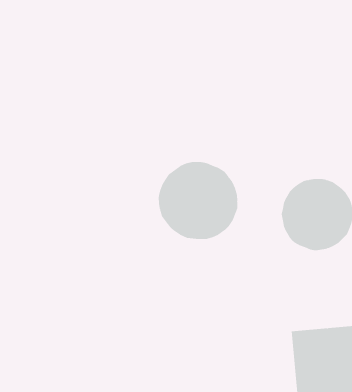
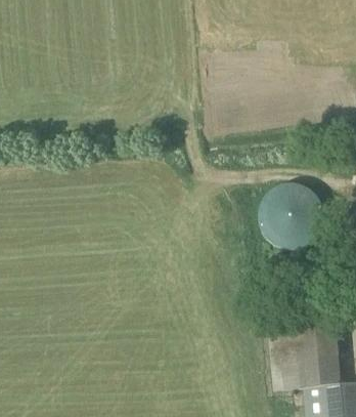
building: [158,161,238,240] -> none

